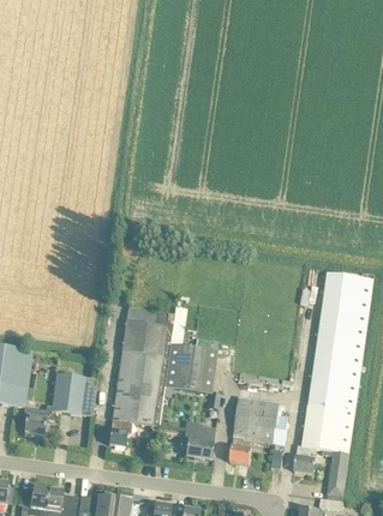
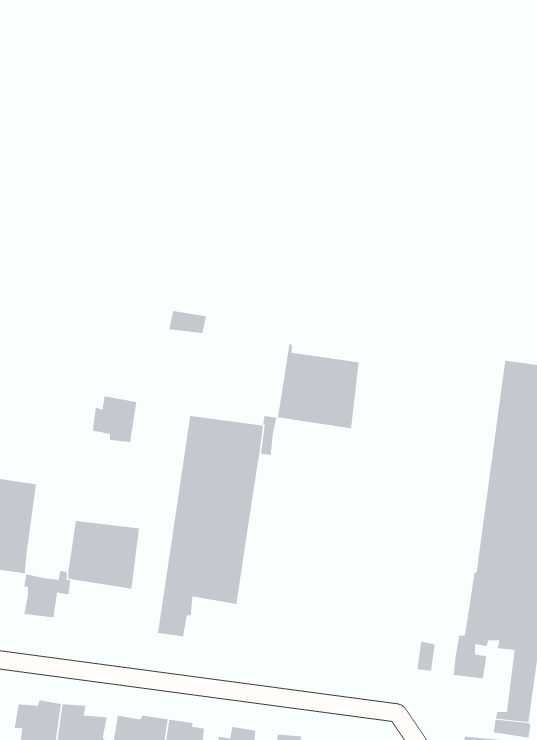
building: none -> [92,396,137,443]
building: [164,337,216,391] -> [277,343,359,429]
building: [229,396,288,463] -> none
building: [184,424,216,457] -> none

